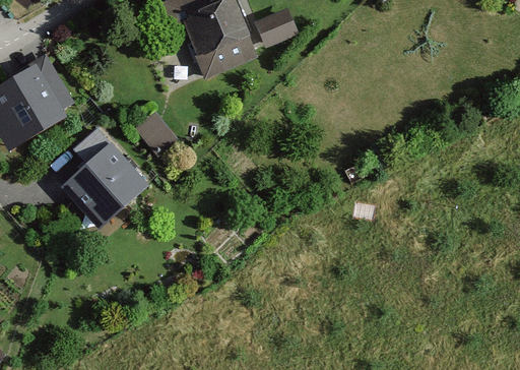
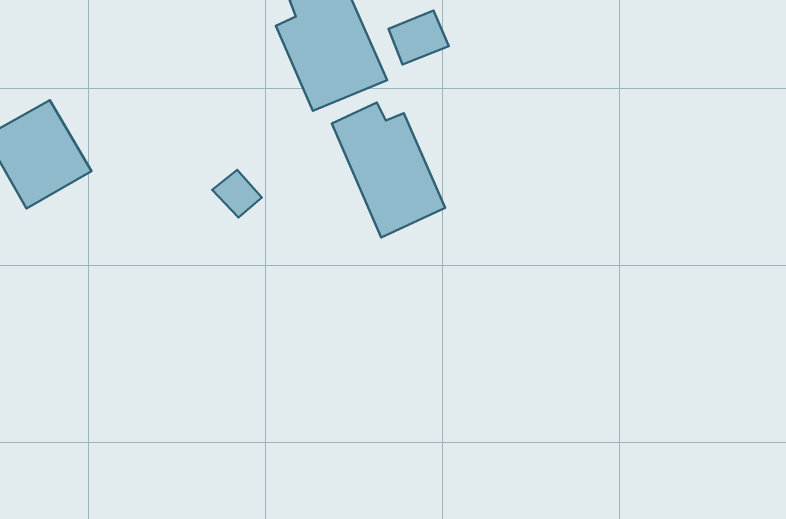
building: none -> [332,102,445,237]
building: [64,131,145,225] -> none

